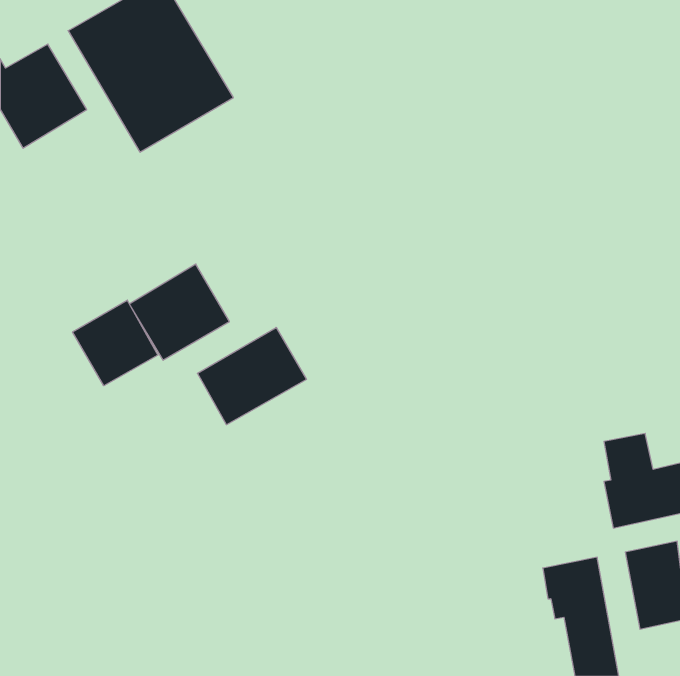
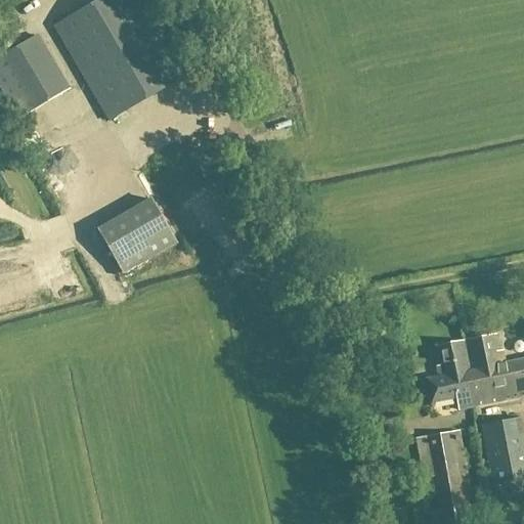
building: [73,300,158,386] -> none
building: [197,327,306,425] -> none
building: none -> [427,339,472,408]

